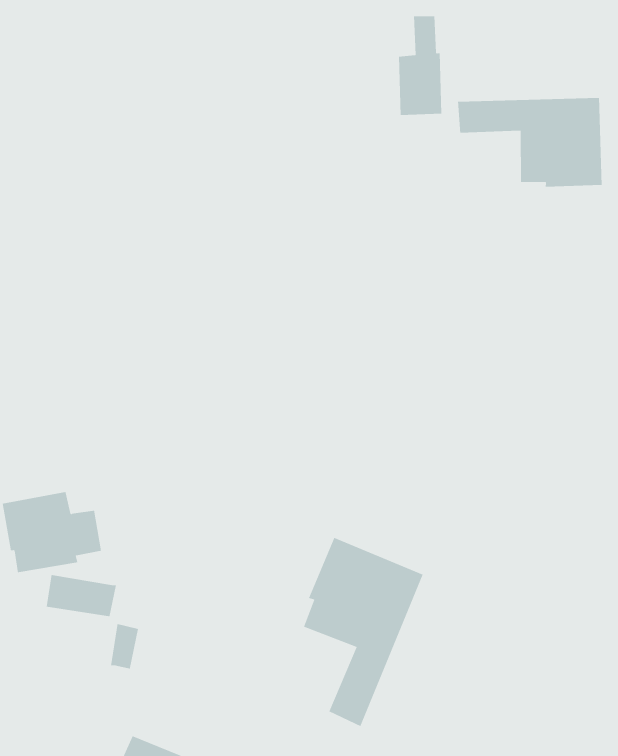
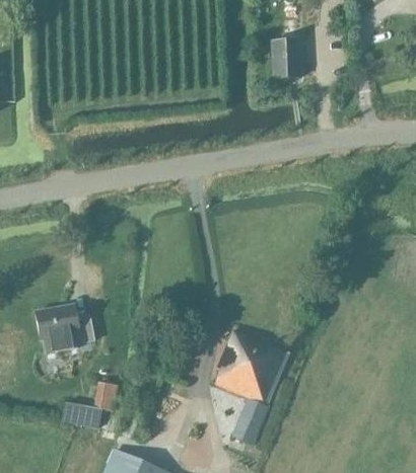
building: [457,97,602,188] -> none
building: [46,575,117,617] -> [60,402,102,427]

